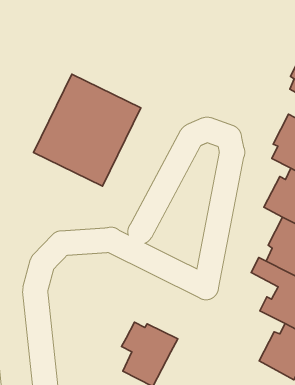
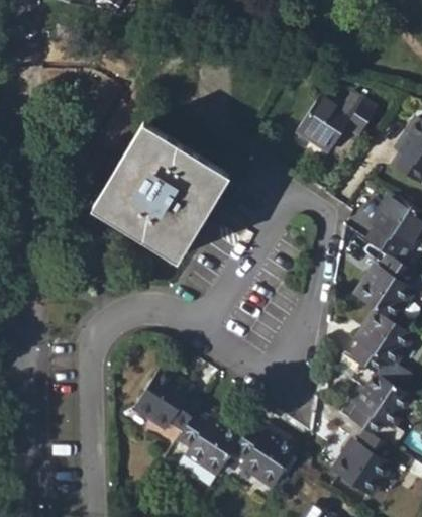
building: none -> [296,96,374,154]
building: none -> [133,372,199,432]
building: none -> [232,426,296,488]

